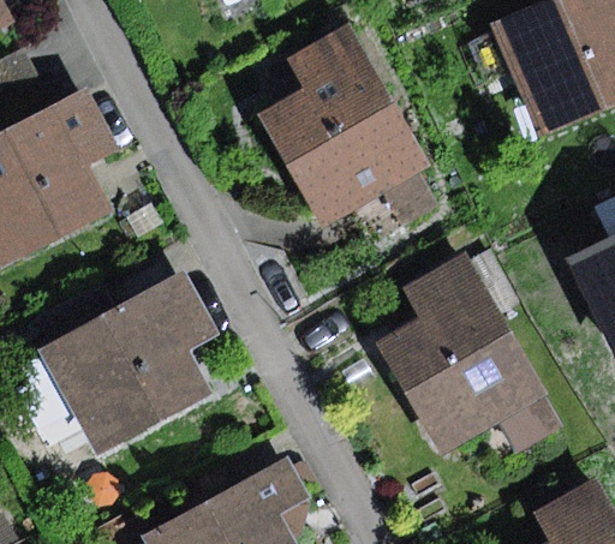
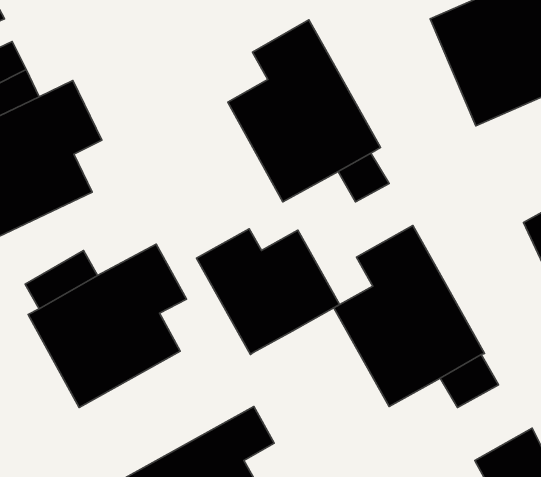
building: none -> [197,229,339,354]

